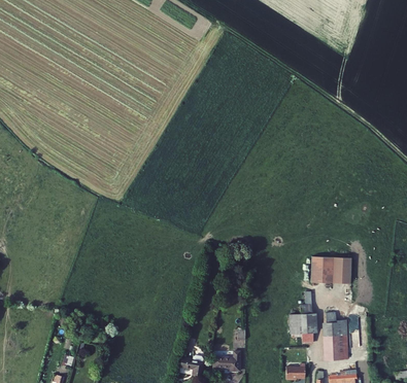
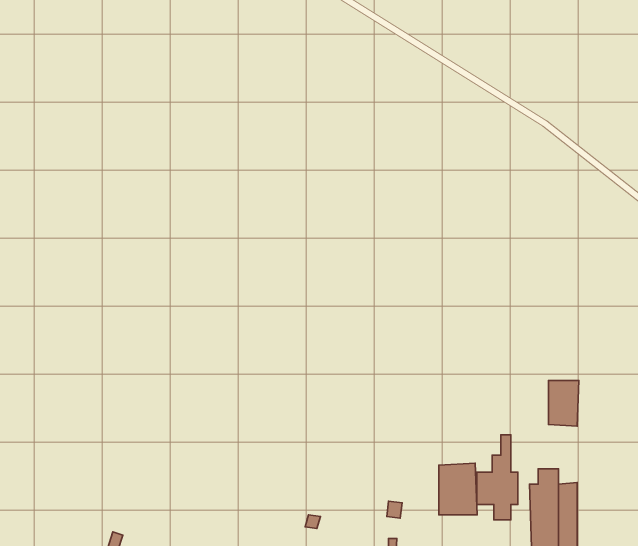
building: [312,256,334,284] -> none
building: none -> [439,463,477,515]

